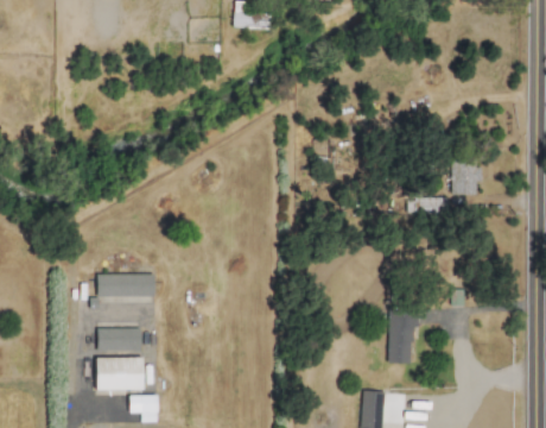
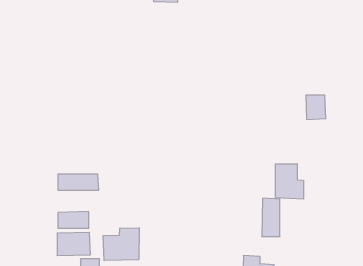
building: [413,197,447,214] -> none
building: none -> [275,164,303,199]
building: none -> [103,228,139,261]

